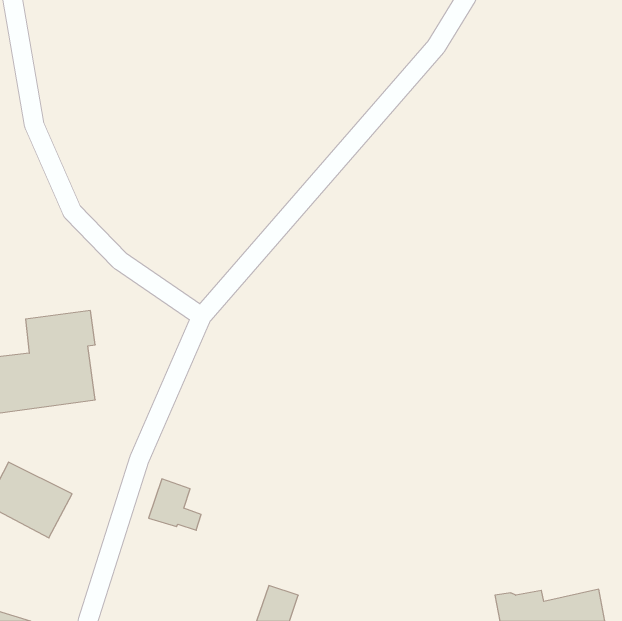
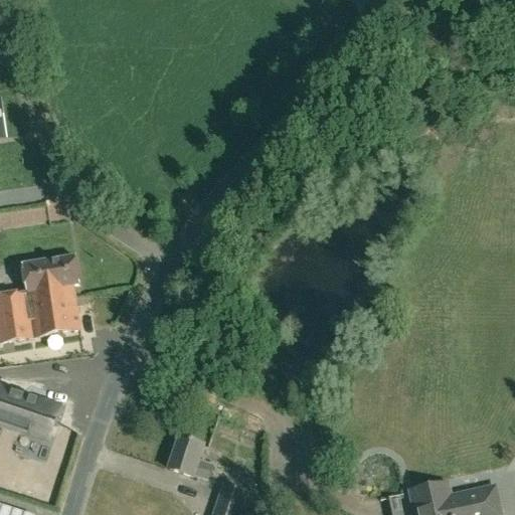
building: [149,479,201,530] -> [167,436,210,478]

